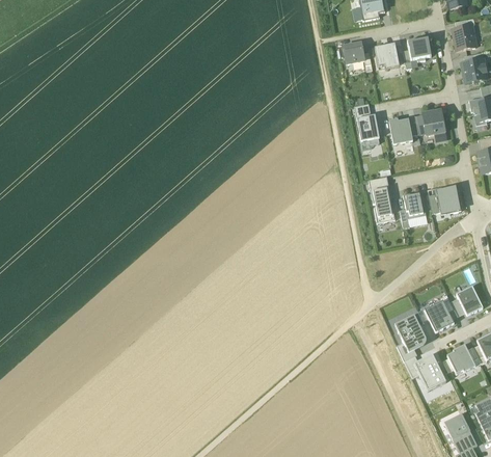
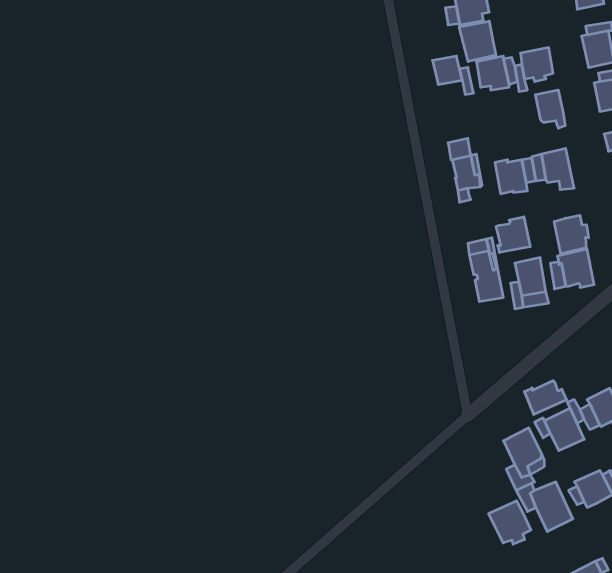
building: none -> [459,21,496,62]
building: none -> [535,90,565,128]
building: none -> [554,215,589,254]
building: none -> [496,217,530,253]
building: none -> [524,381,567,415]
building: none -> [489,501,531,544]

